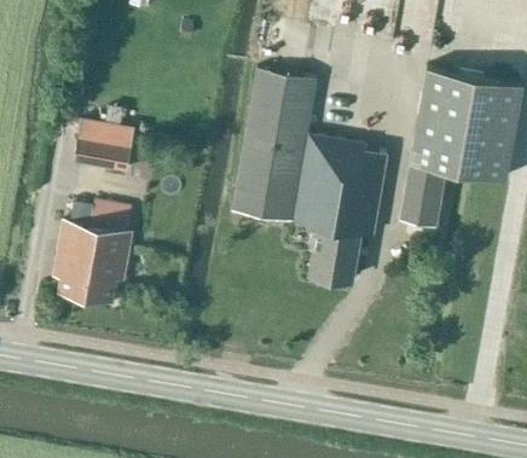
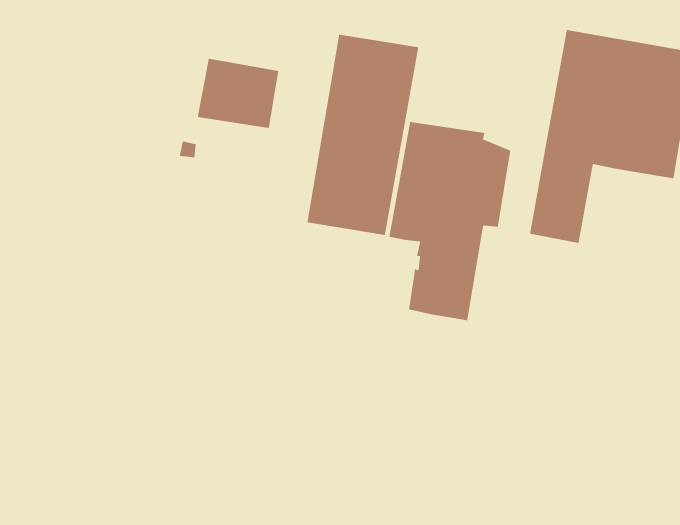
building: [73,118,134,172] -> [197,58,279,129]
building: [53,202,133,301] -> none

